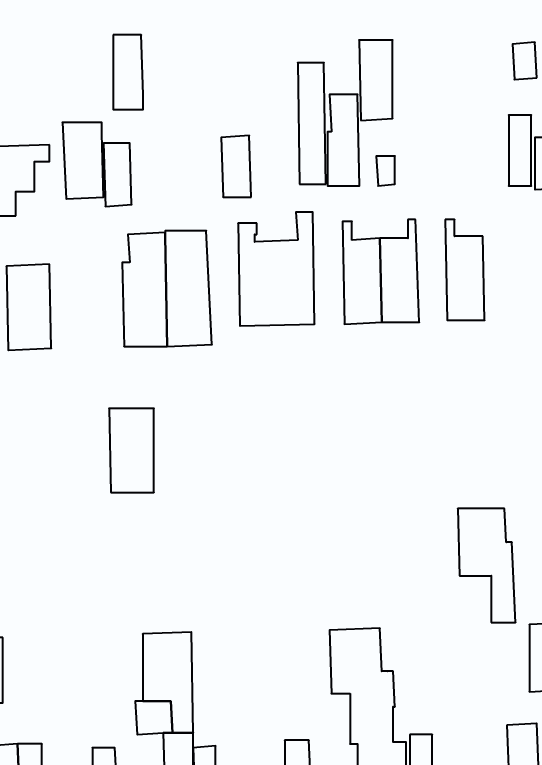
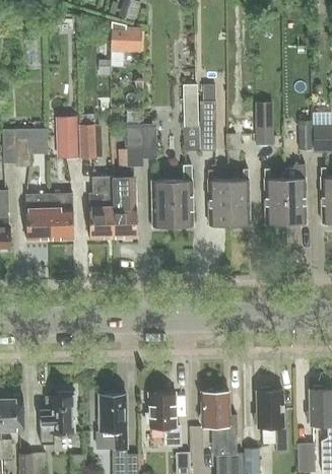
building: [113,35,143,110] -> [127,125,143,165]
building: [359,40,393,120] -> [255,103,273,146]
building: none -> [284,165,306,224]
building: [109,408,154,492] -> [49,194,73,240]
building: [458,509,516,622] -> [257,391,288,453]
building: none -> [40,392,76,445]
building: none -> [146,393,181,446]

